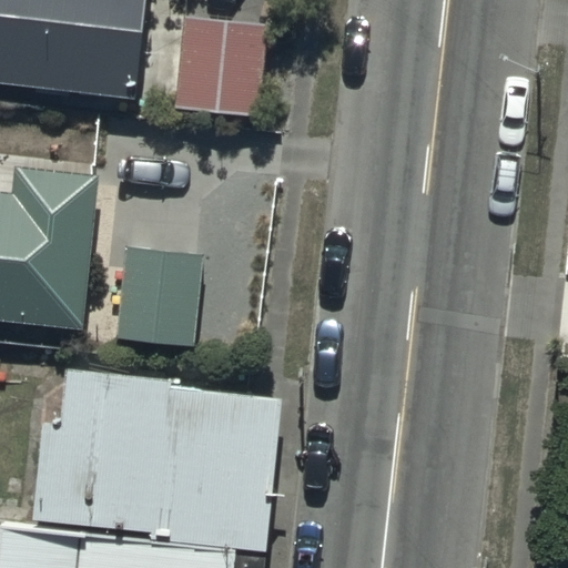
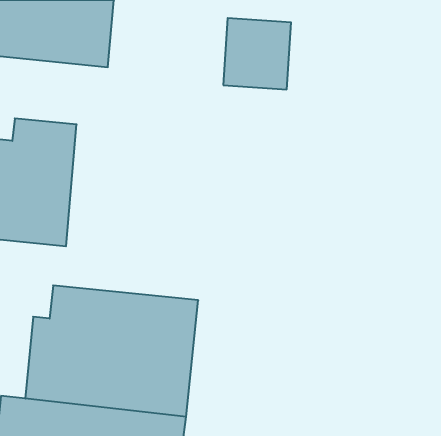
building: [178,20,264,111] -> [223,18,291,89]
building: [118,244,200,346] -> none

